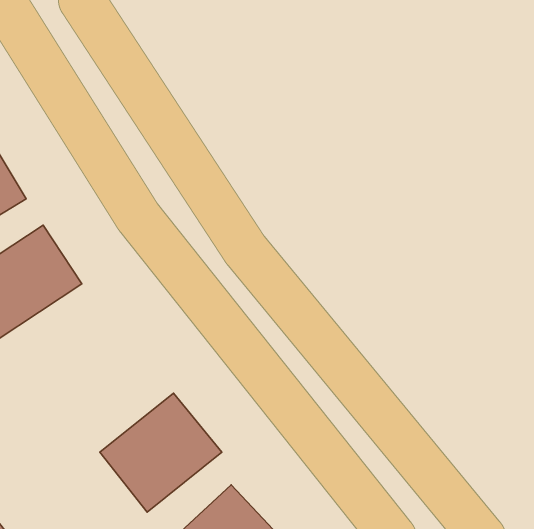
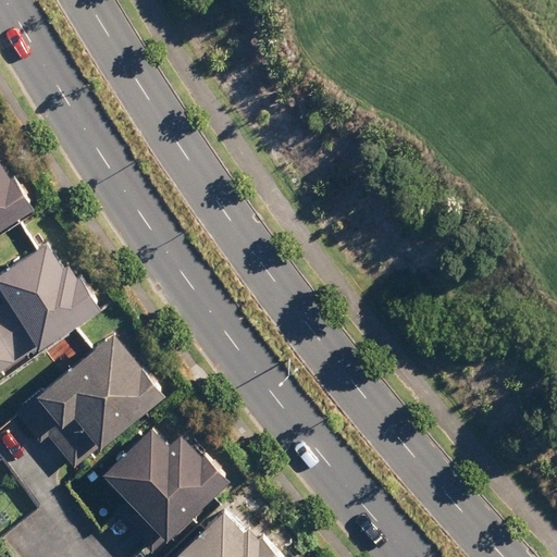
building: none -> [28,341,165,470]

